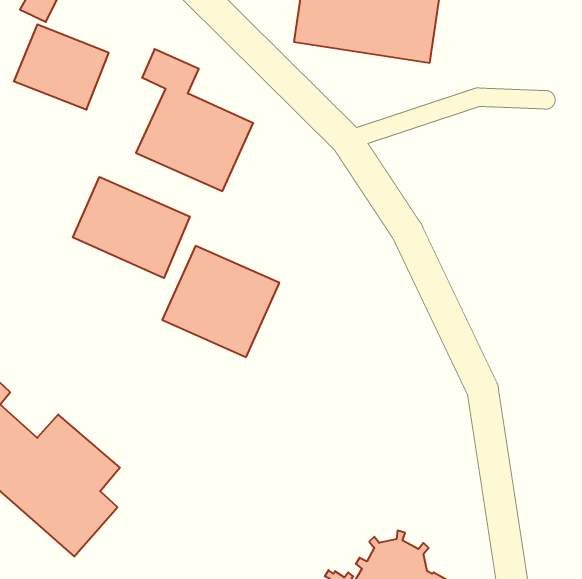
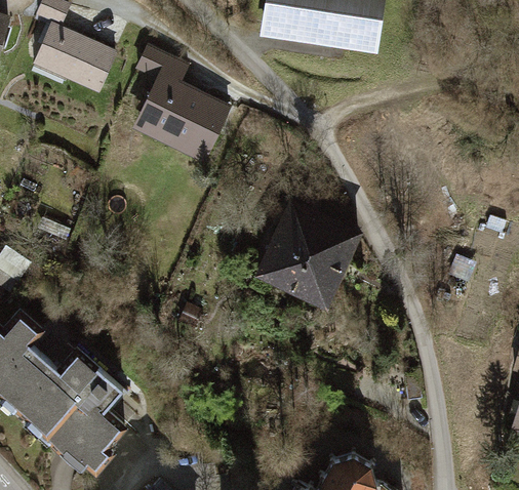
building: [73,177,190,278] -> none
building: [162,246,279,357] -> [256,211,354,303]

